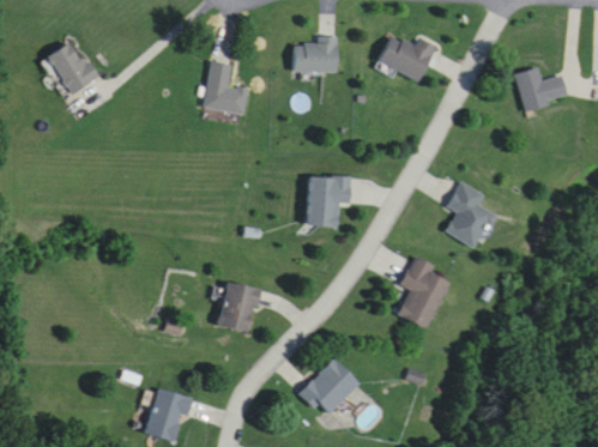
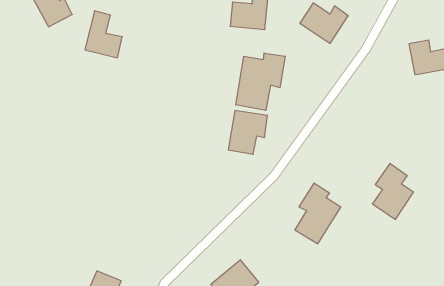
building: [204,59,248,114] -> [85,11,122,58]
building: none -> [236,53,285,110]
building: [445,181,494,249] -> [372,164,414,220]
building: [217,282,259,332] -> none

